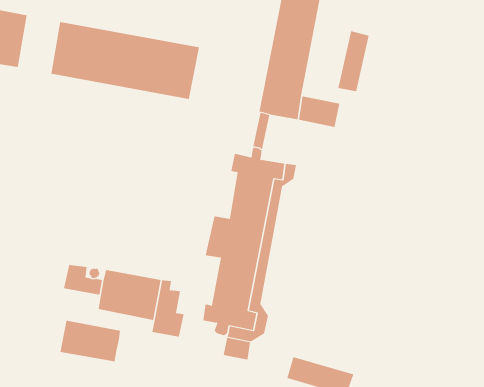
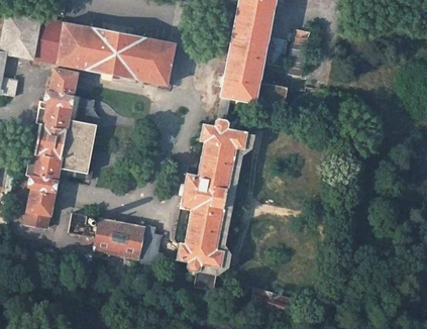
building: none -> [31,17,64,64]
building: none -> [24,69,100,228]
building: [60,320,120,362] -> none

